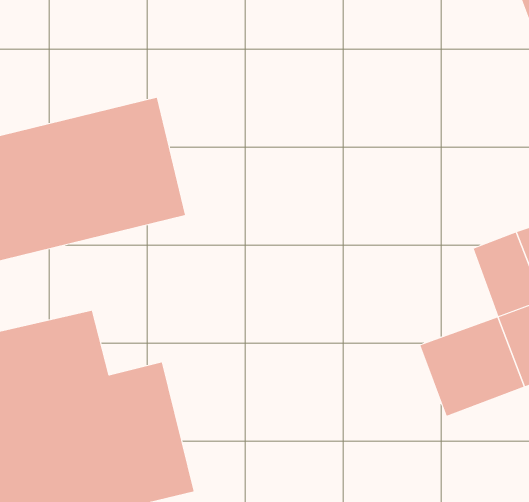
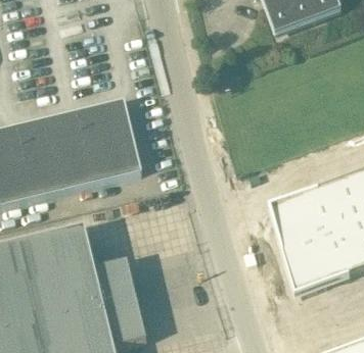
building: none -> [270,189,330,248]

